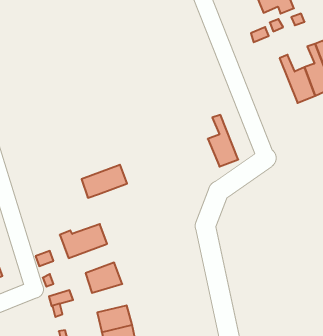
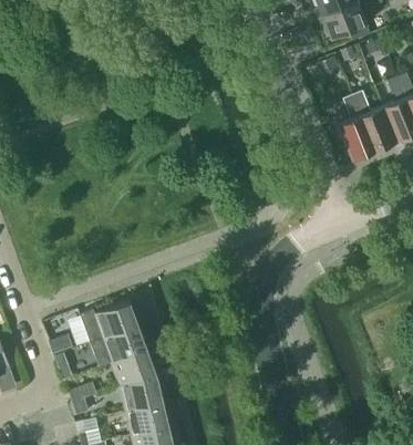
building: [208,115,238,167] -> [337,95,374,159]
building: [82,165,127,198] -> [91,325,147,366]
building: none -> [120,375,163,411]

